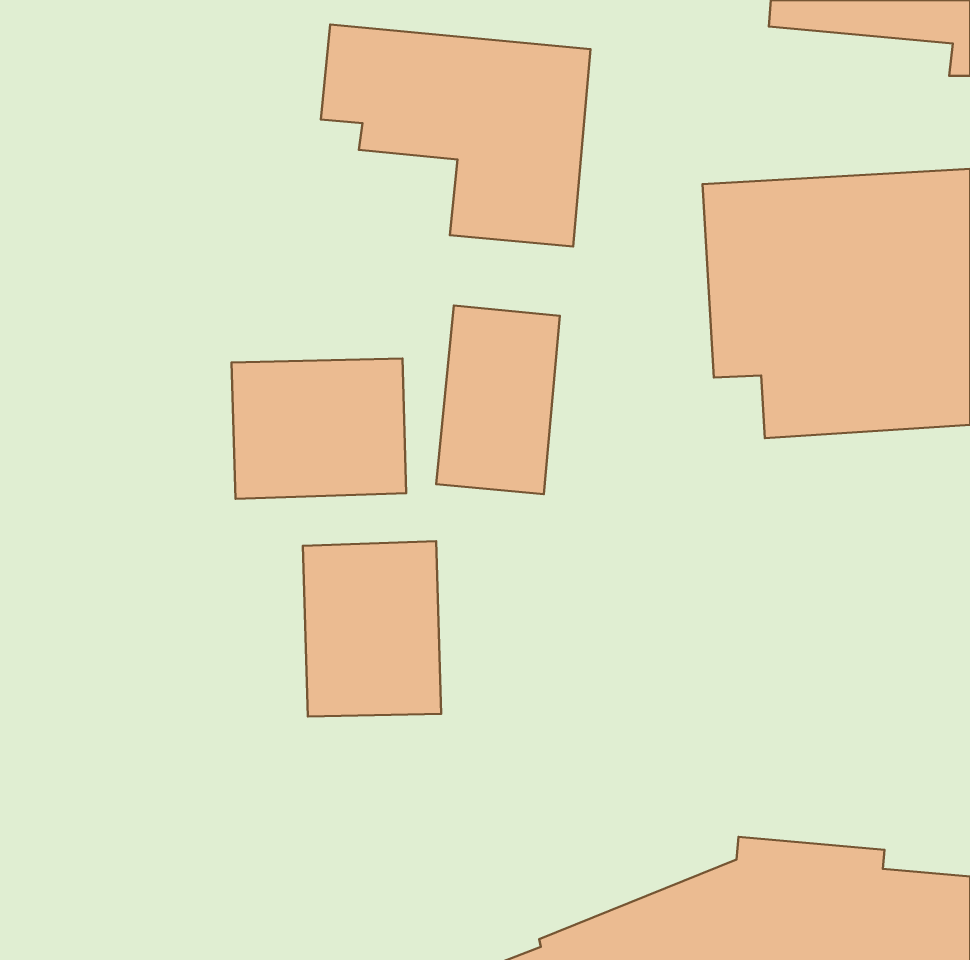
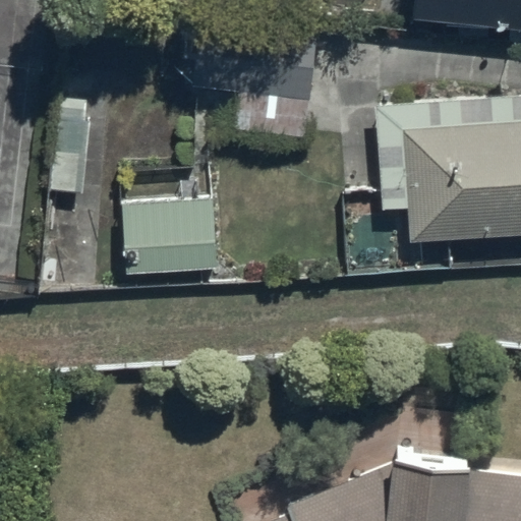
building: [436,306,560,494] -> none
building: [303,541,441,716] -> none

